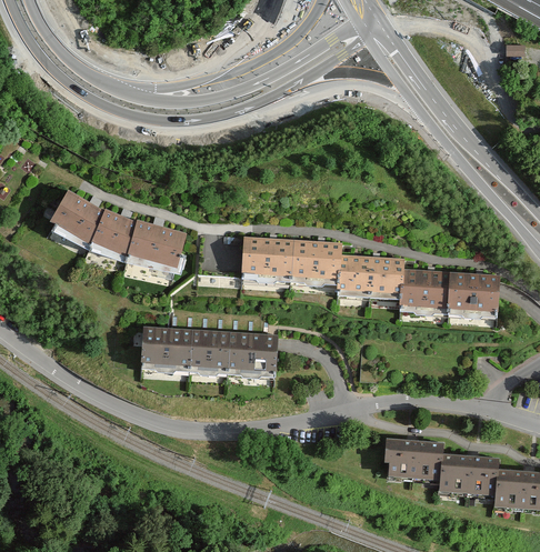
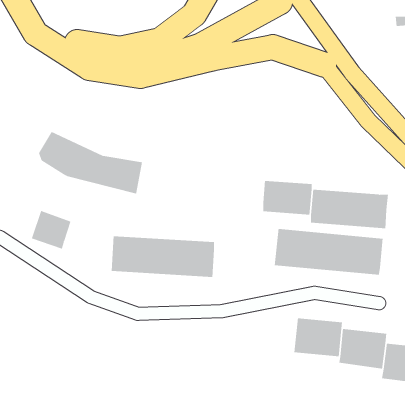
building: [242,238,341,284] -> none
building: none -> [31,210,71,249]
building: none -> [274,228,383,276]

